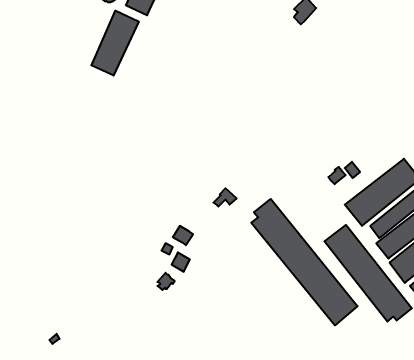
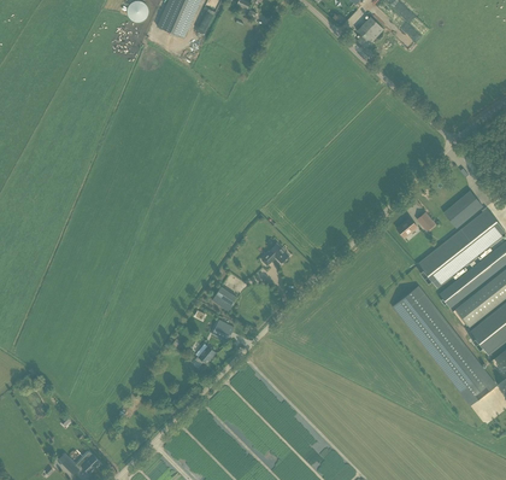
building: [91,11,139,76] -> none
building: none -> [442,189,482,227]
building: [251,199,358,325] -> none

